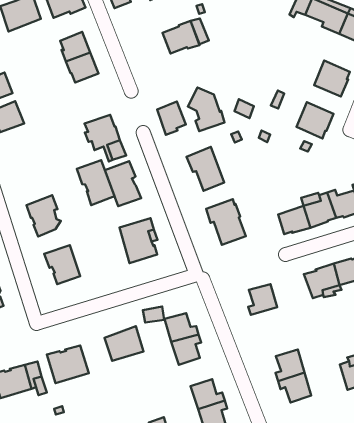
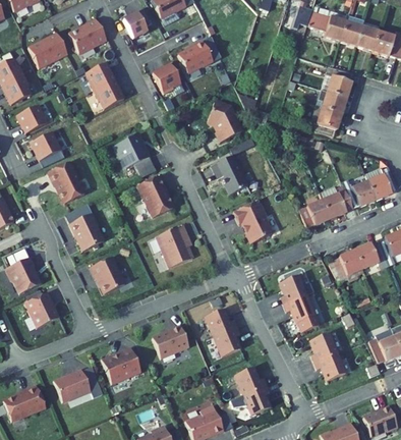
building: none -> [316,90,346,114]
building: [157,101,186,135] -> [153,63,180,95]
building: [77,160,114,205] -> [48,162,84,204]
building: none -> [283,295,314,323]

